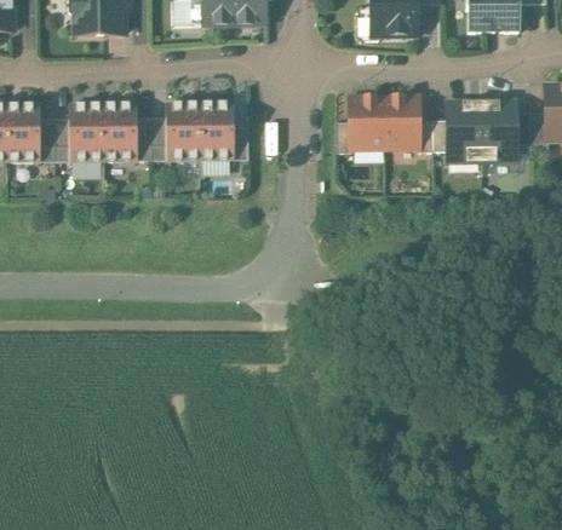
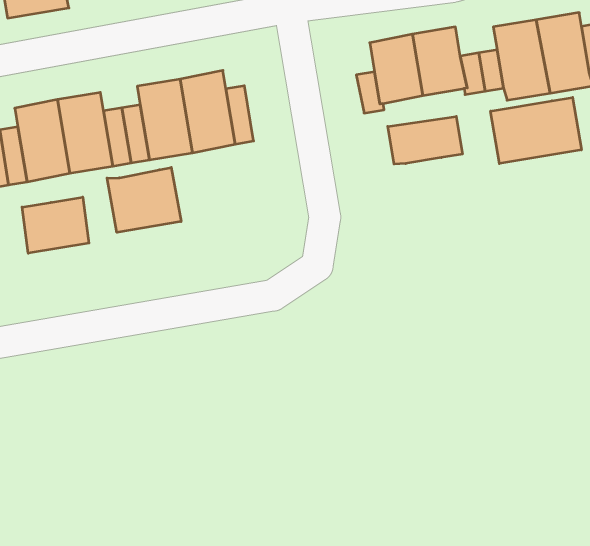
building: none -> [388,116,462,164]
building: none -> [491,97,581,164]
building: none -> [107,167,181,232]
building: none -> [22,197,89,253]

